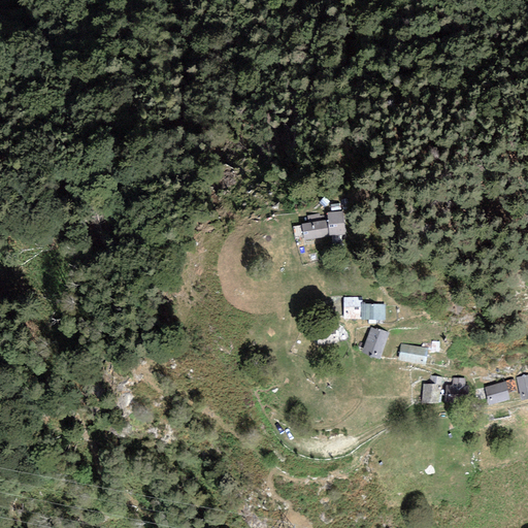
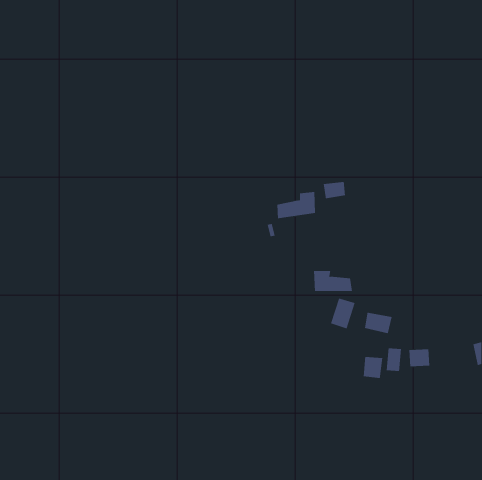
building: none -> [323,181,346,199]
building: [485,381,509,404] -> none
building: none -> [363,356,383,379]

